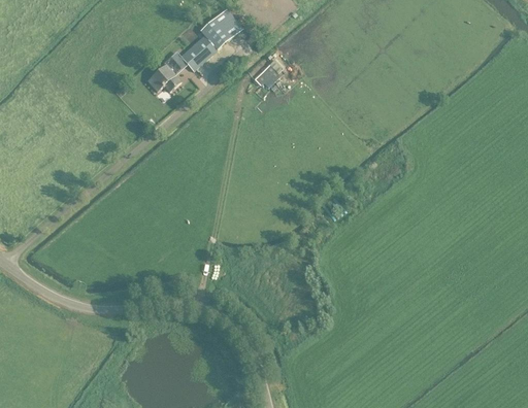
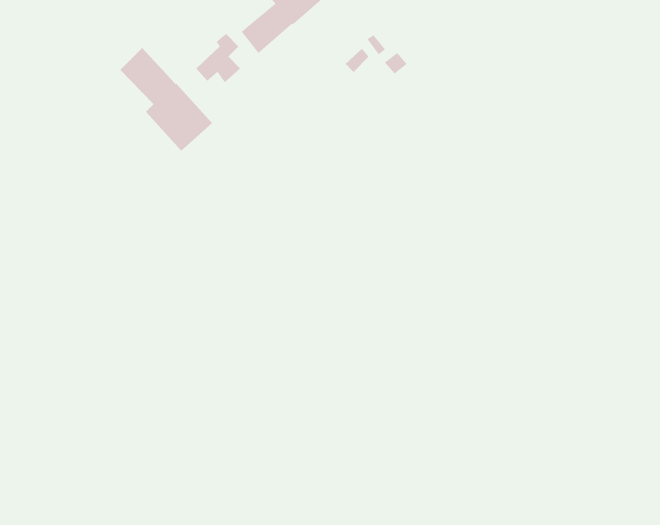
building: none -> [119,47,213,152]

